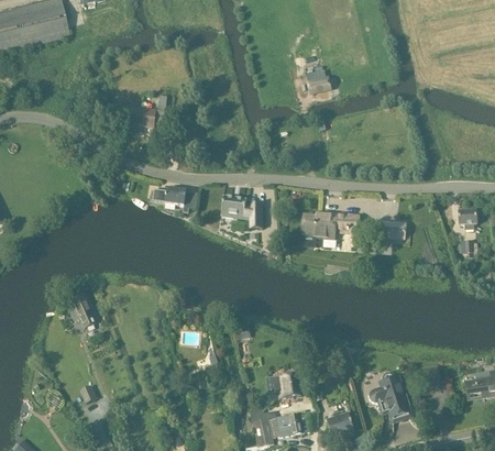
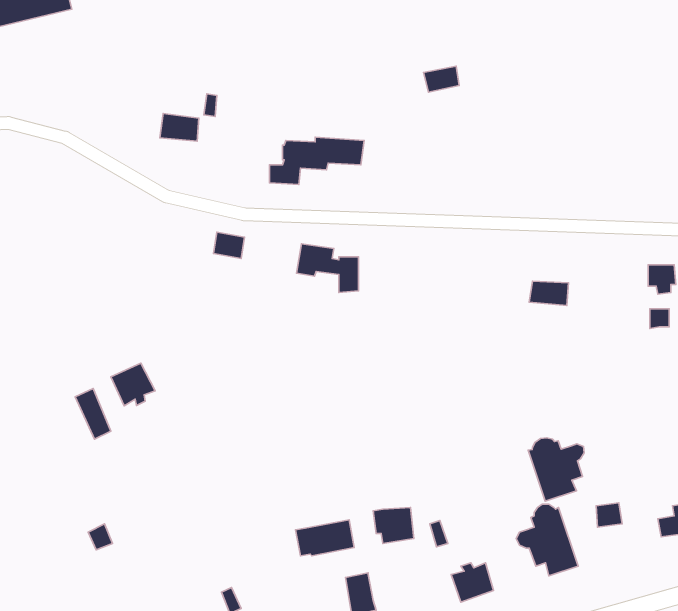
building: [295,213,359,245] -> [270,137,364,184]
building: none -> [111,363,155,406]
building: none -> [528,438,584,501]
building: [270,413,309,437] -> [296,520,354,556]

